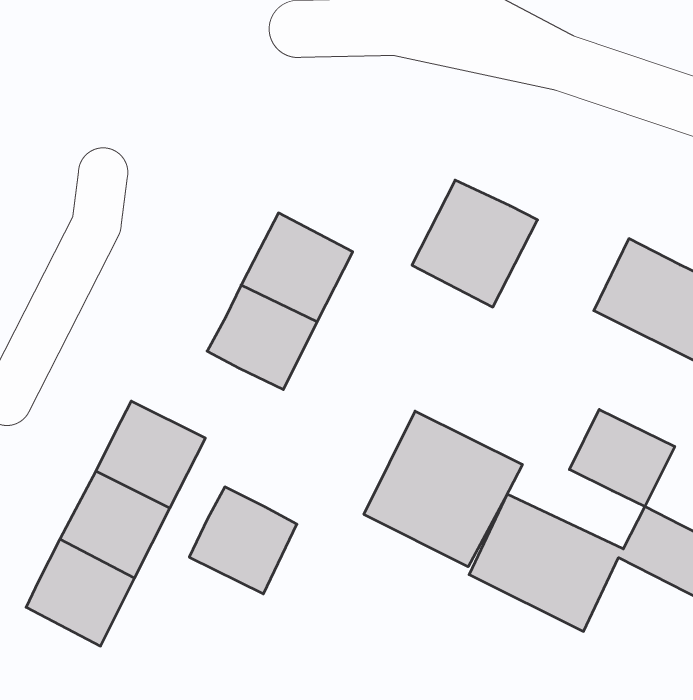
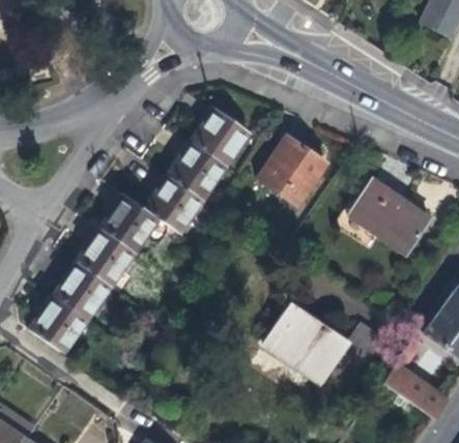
building: none -> [192,108,251,166]
building: [569,409,675,507] -> none
building: [364,411,522,567] -> none
building: [189,487,297,594] -> [101,194,160,253]

